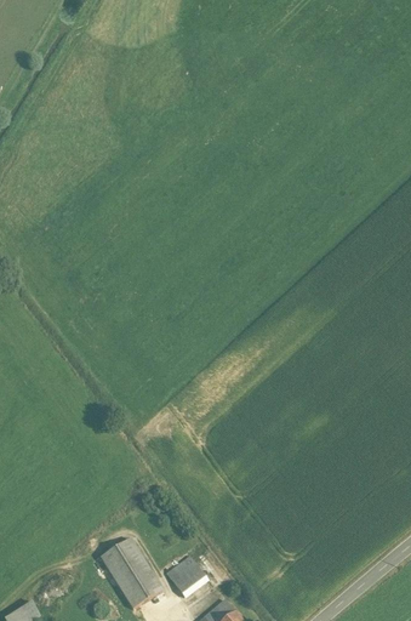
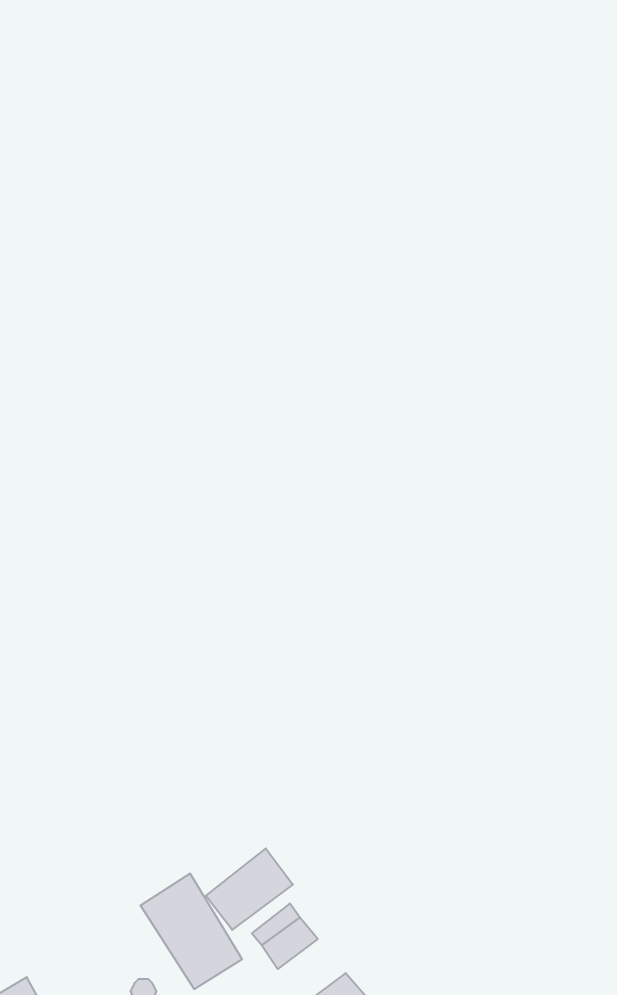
building: none -> [206,848,293,930]

